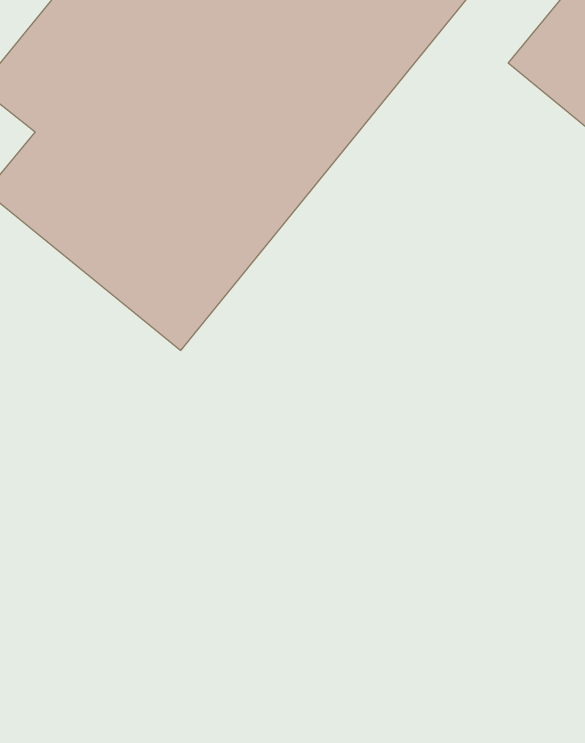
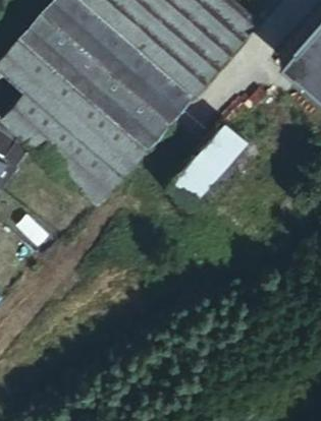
building: none -> [173,128,246,204]

